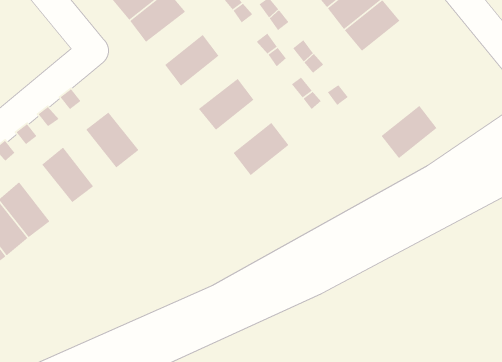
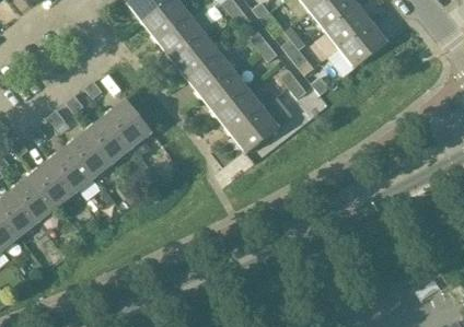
building: none -> [156,14,205,59]
building: none -> [186,51,234,96]
building: none -> [216,89,263,133]
building: [381,105,438,159] -> [339,22,387,68]
building: none -> [86,114,131,162]
building: none -> [49,143,94,191]

